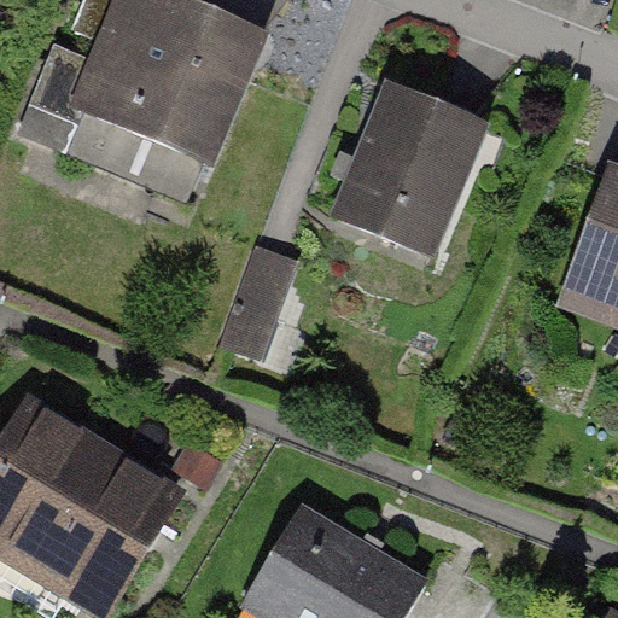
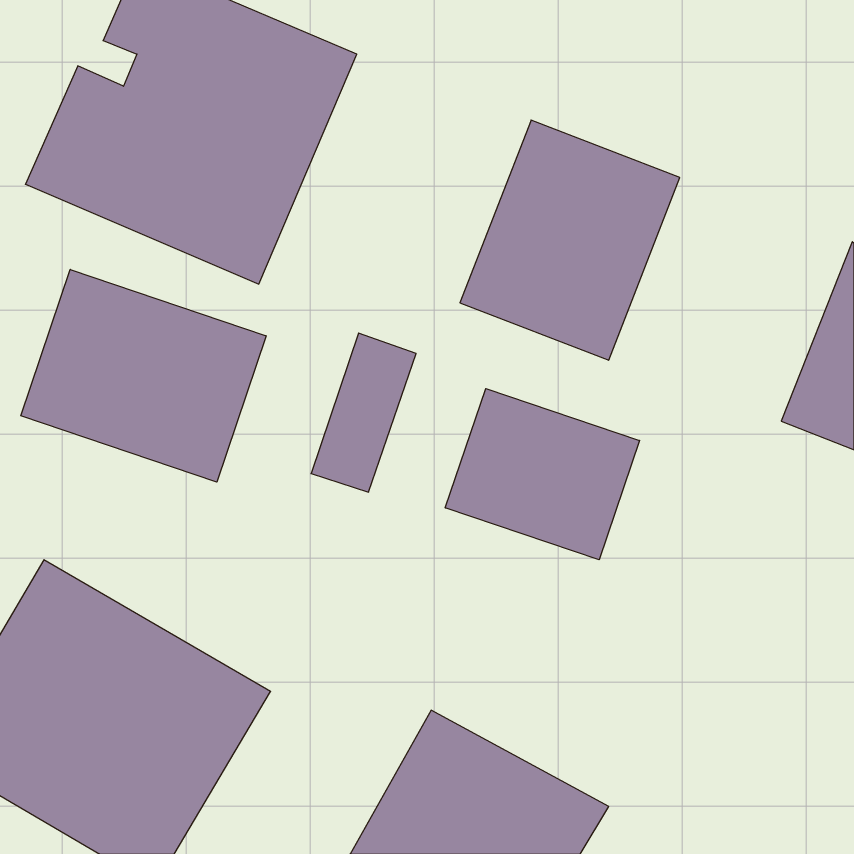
building: none -> [21,269,266,482]
building: none -> [445,389,640,560]

